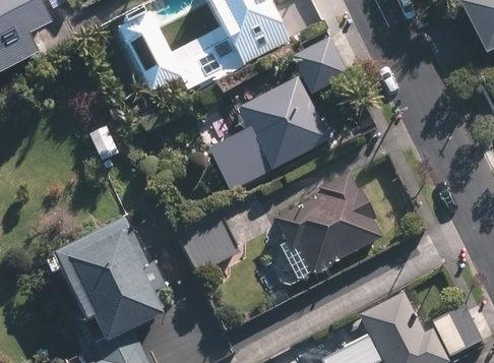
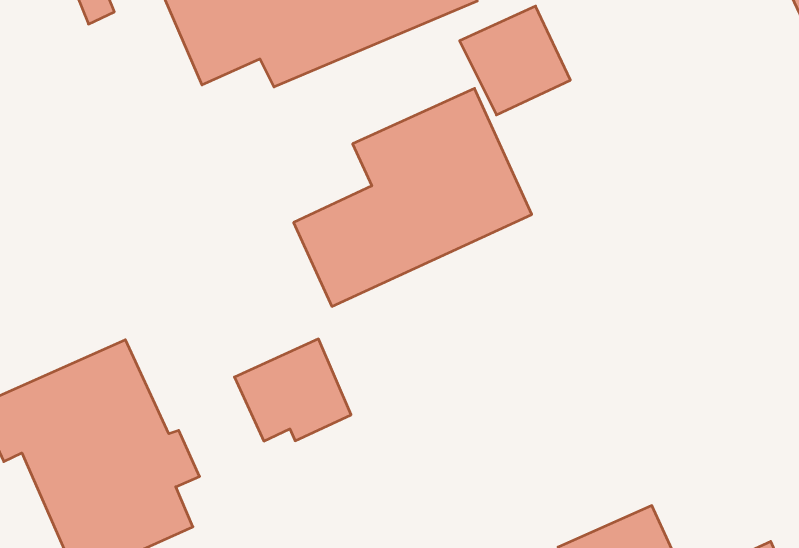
building: [271,174,382,276] -> none

